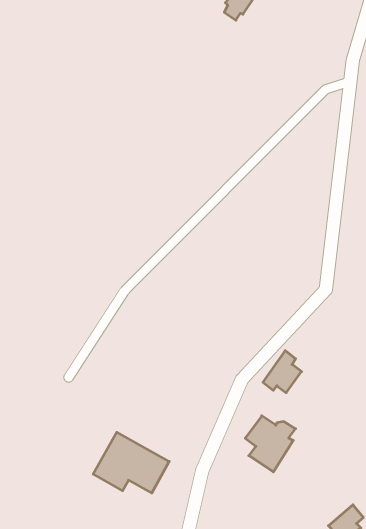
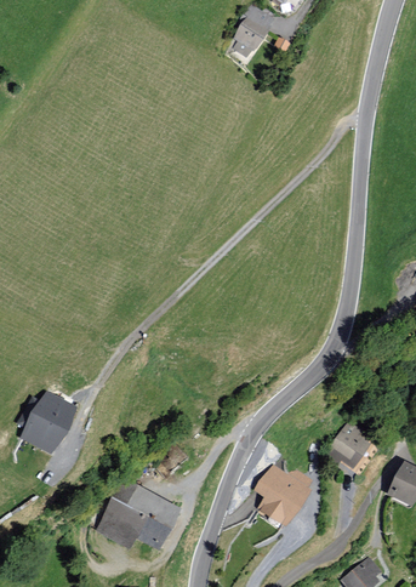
building: none -> [21,394,74,451]
building: [263,351,302,393] -> [327,422,367,466]

